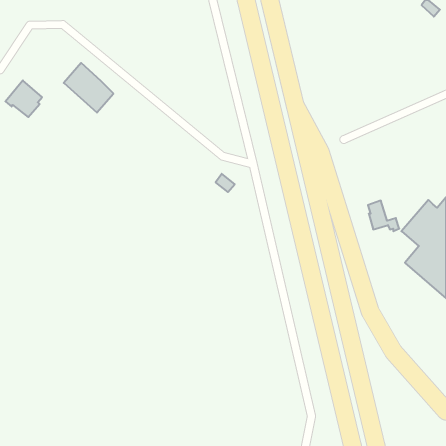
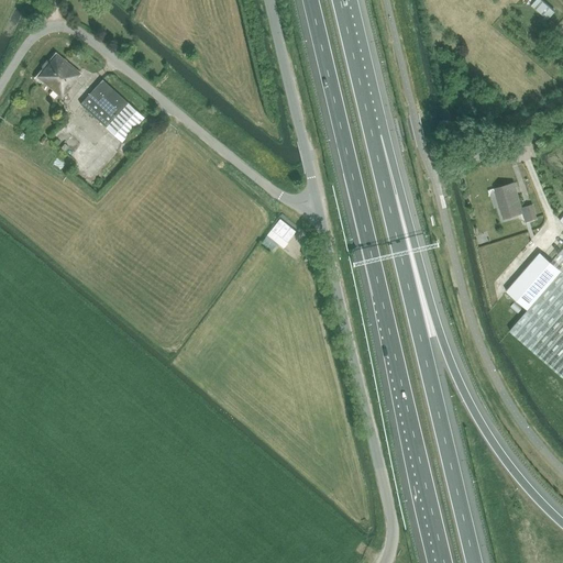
building: [5,80,42,117] -> [34,52,80,98]
building: [368,201,399,231] -> [497,183,537,221]

